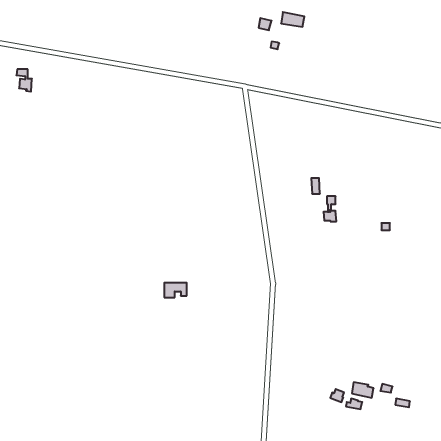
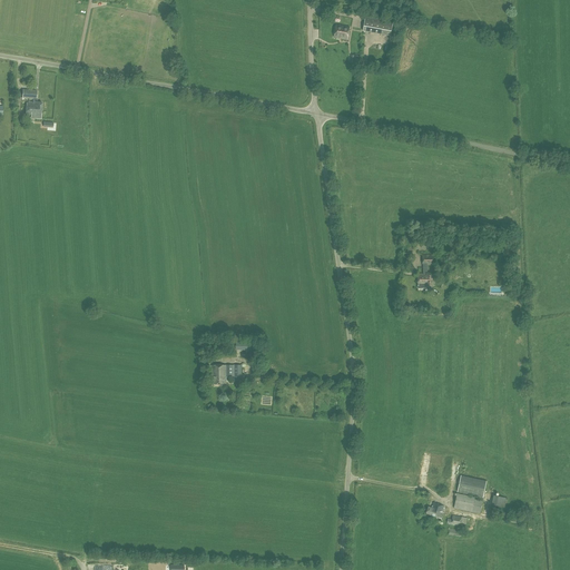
building: none -> [456,474,485,497]

